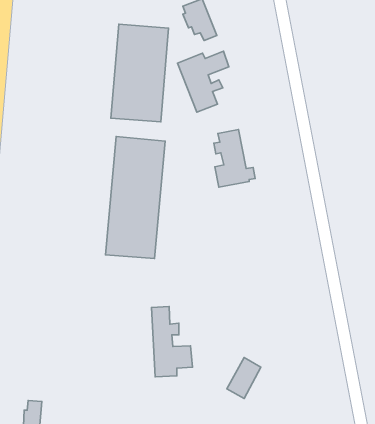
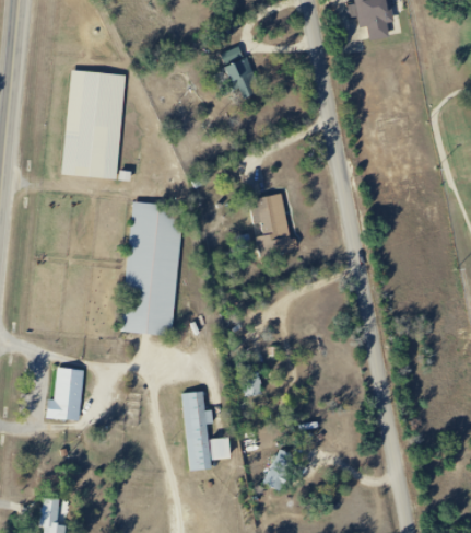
building: [111,24,169,122] -> [70,69,134,178]
building: [177,51,229,112] -> none
building: none -> [42,366,82,422]

